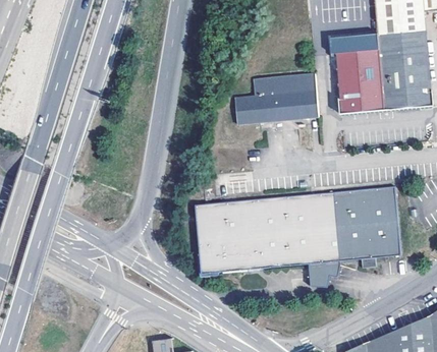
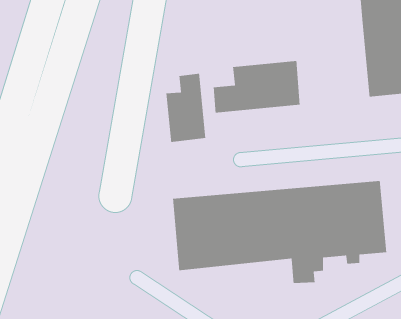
building: [334,35,382,112] -> none
building: none -> [166,73,206,143]

